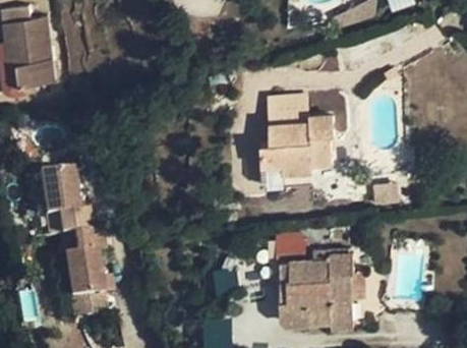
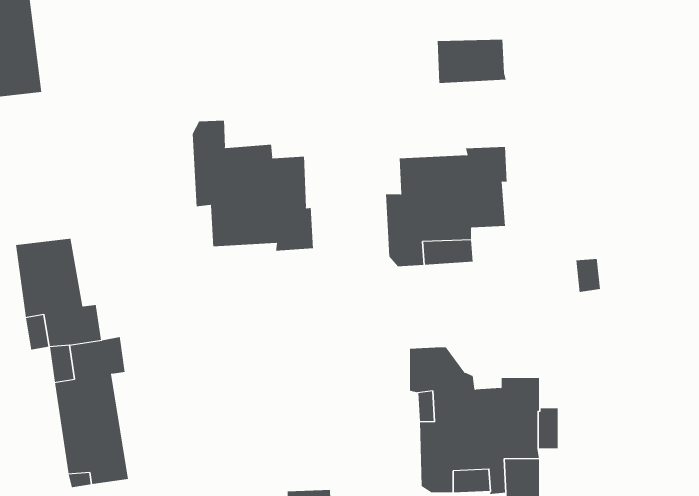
building: [267,95,308,121] -> [437,39,507,83]
building: none -> [192,120,314,251]

